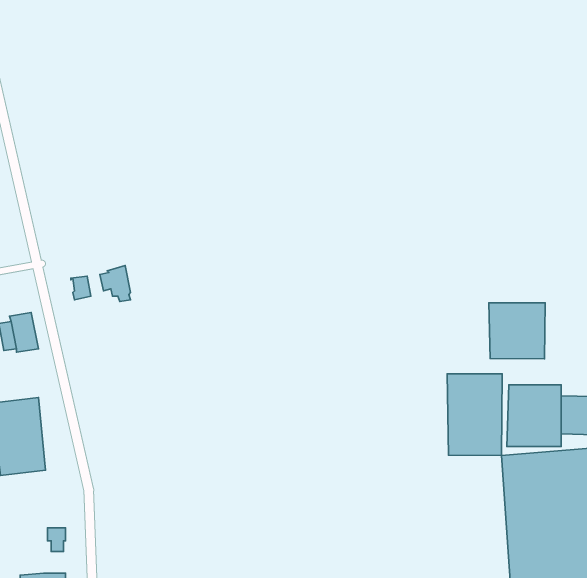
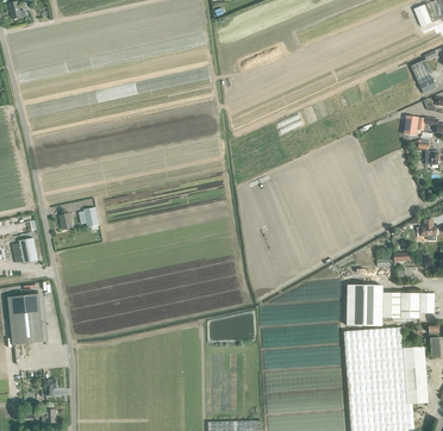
building: [489,303,545,359] -> none
building: [447,374,502,456] -> none

